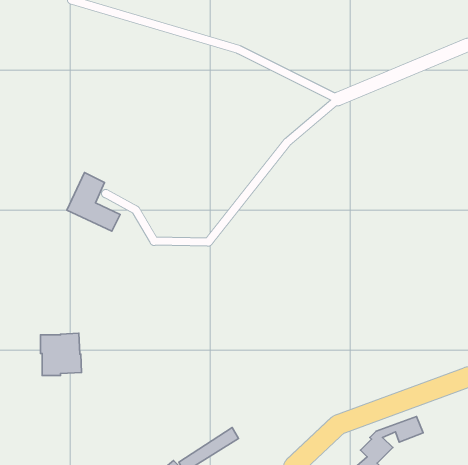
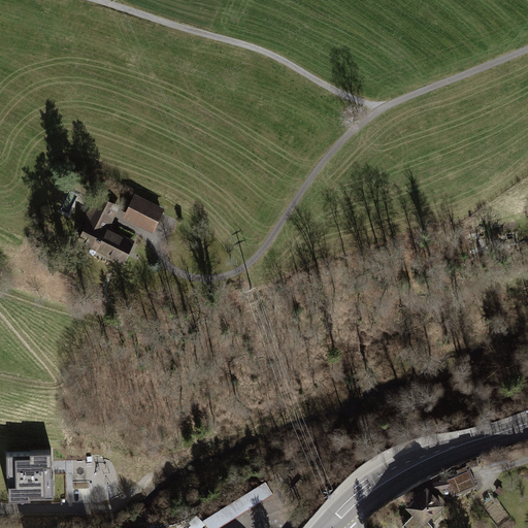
building: none -> [124,198,162,231]
building: [40,333,82,375] -> [6,458,53,505]

